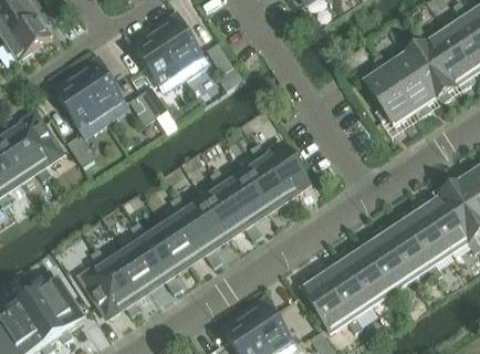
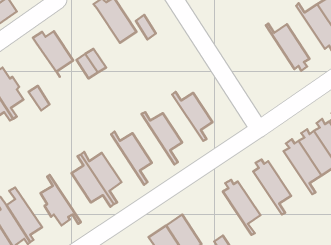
building: [406,29,456,101] -> none
building: [135,32,187,85] -> none
building: [365,54,416,125] -> none
building: [52,77,108,131] -> none
building: [243,145,296,209] -> none
building: [204,170,259,239] -> none
building: [164,197,219,266] -> none
building: [382,217,439,279] -> none
building: [342,243,399,305] -> none
building: [95,247,149,312] -> none
building: [302,270,359,331] -> none

